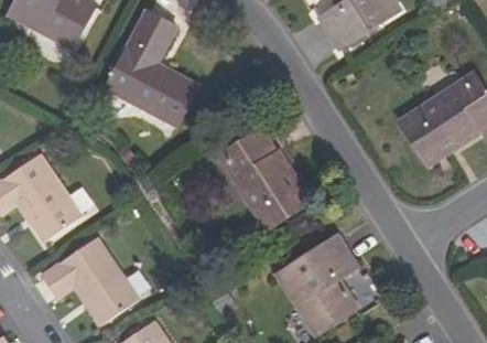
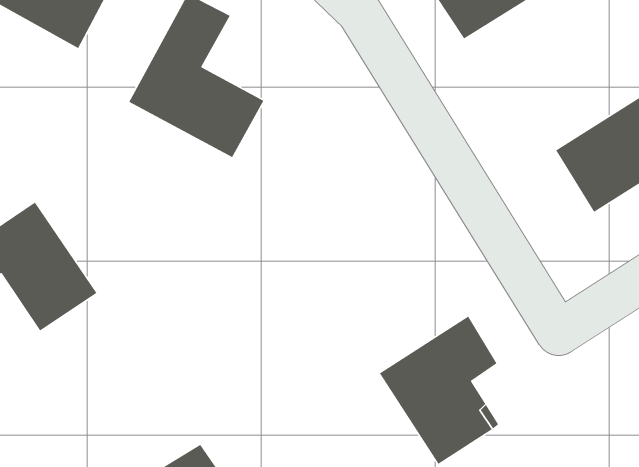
building: [216,126,306,229] -> none
building: [42,237,140,325] -> none

